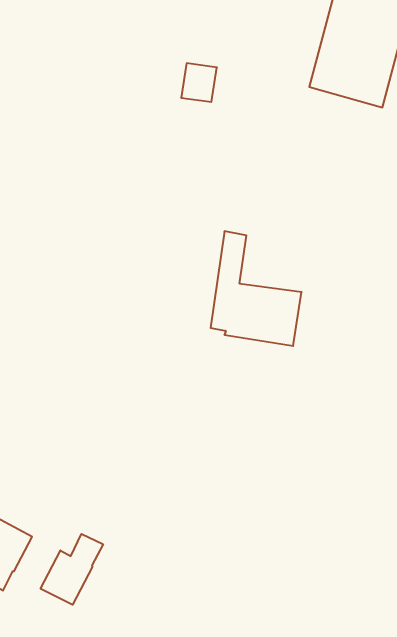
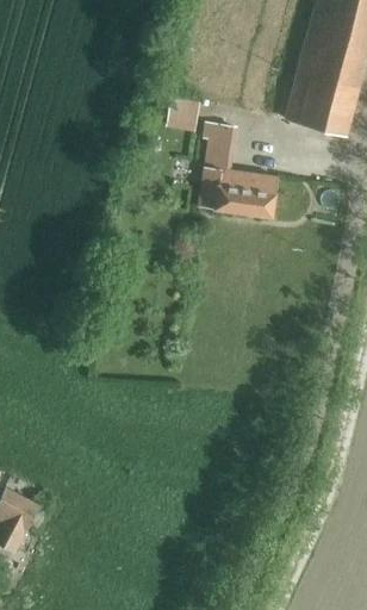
building: [211,231,302,346] -> [199,120,278,219]
building: [41,534,103,605] -> none

